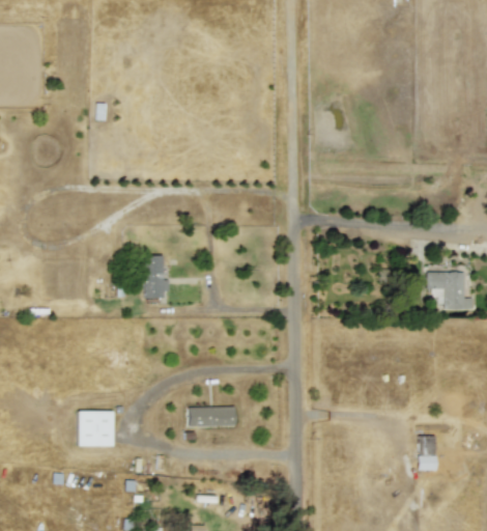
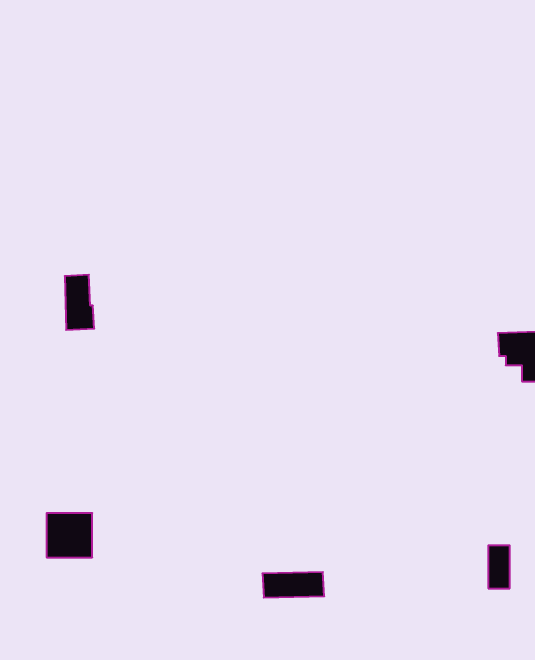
building: [145,256,168,299] -> [65,275,94,330]
building: [189,407,236,426] -> [262,572,324,598]

